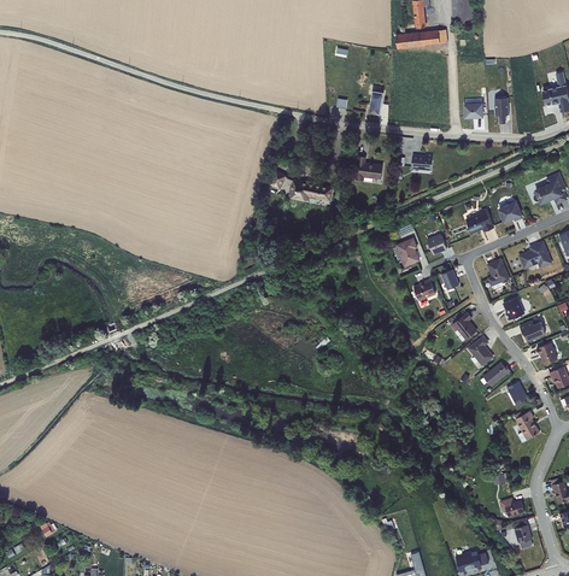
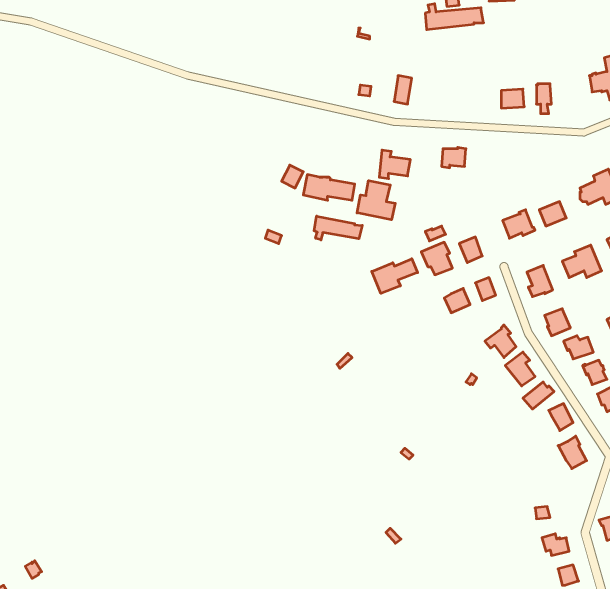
building: none -> [357,181,395,220]
building: none -> [314,216,362,240]
building: none -> [372,259,418,293]

